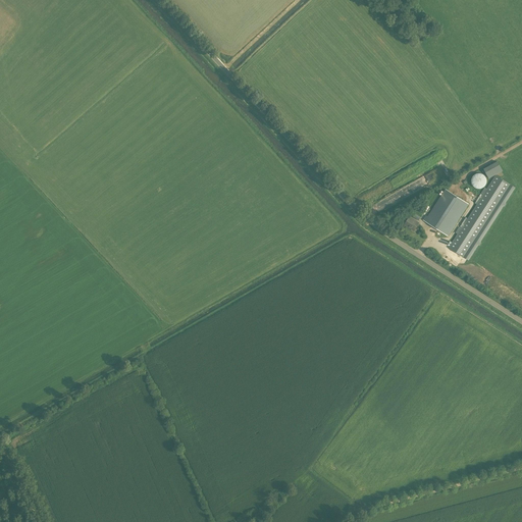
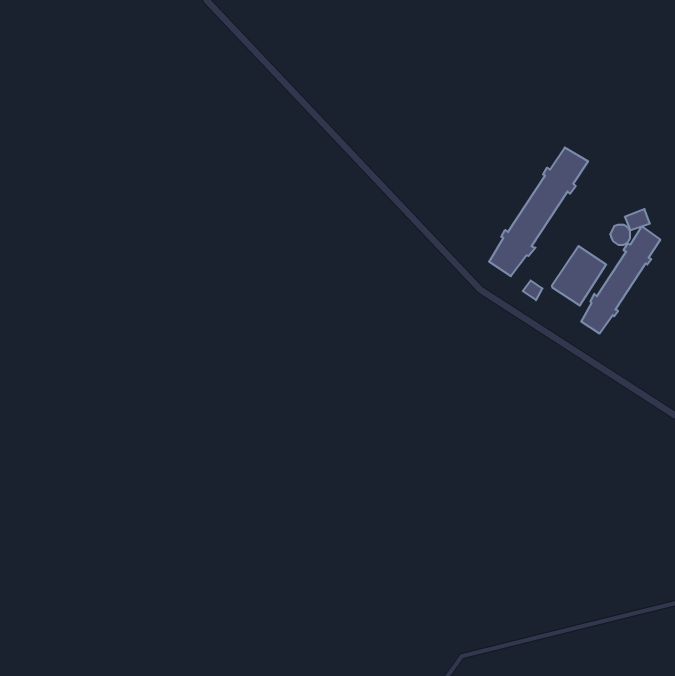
building: none -> [489,147,588,276]

